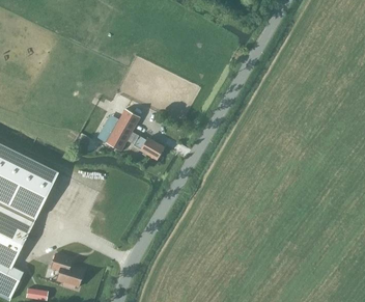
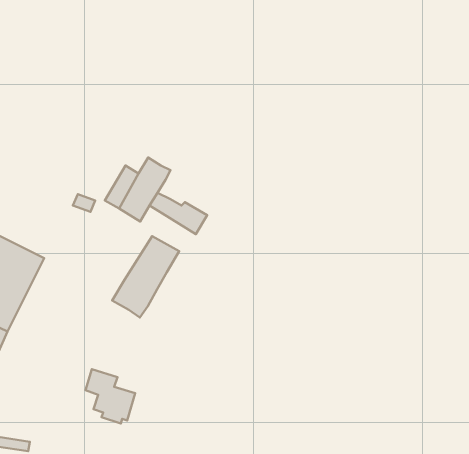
building: none -> [112,236,179,318]
building: [51,253,83,289] -> [86,369,135,424]

